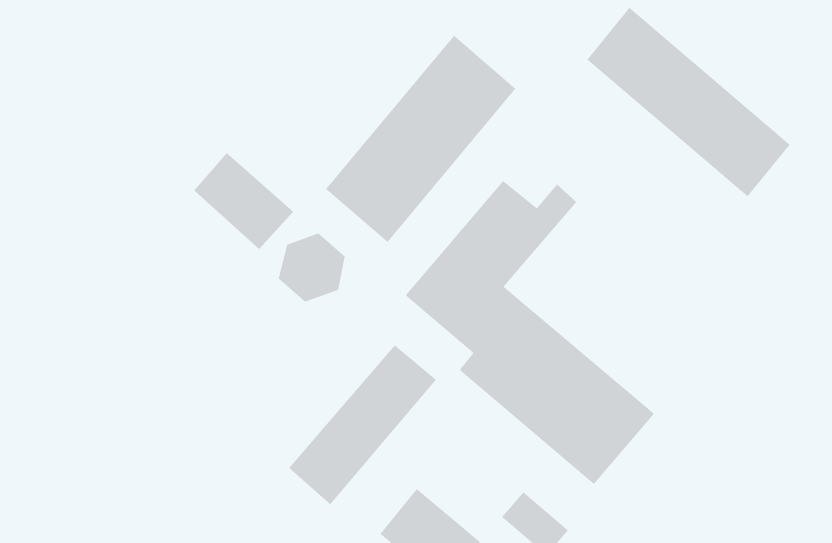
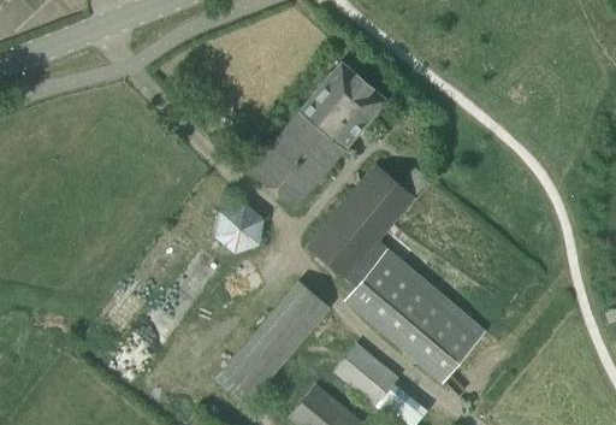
building: [586,7,790,197] -> none
building: [193,152,294,250] -> none
building: none -> [334,343,398,406]

